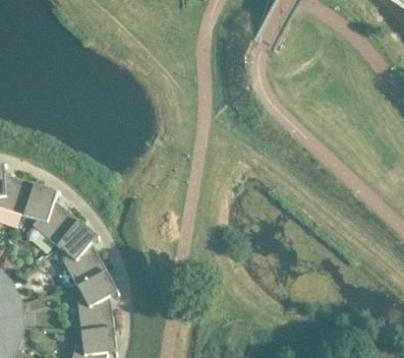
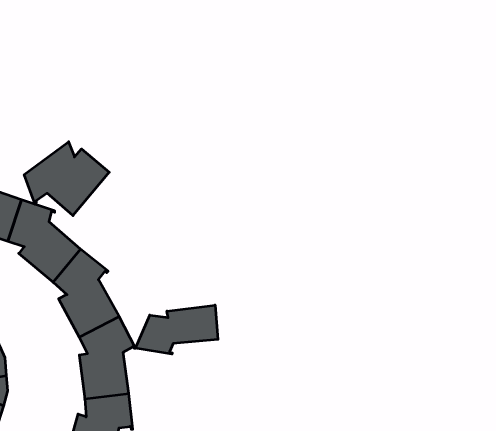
building: none -> [24,142,109,216]
building: none -> [136,305,218,354]

